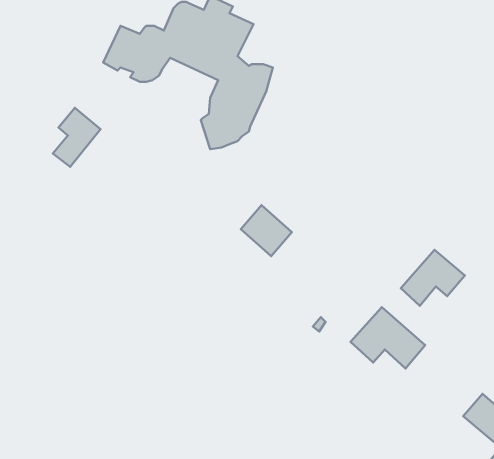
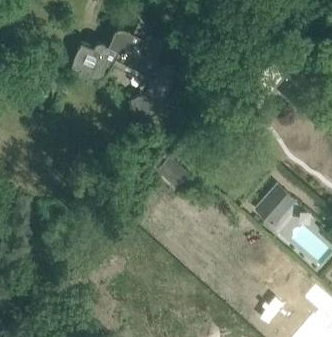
building: [53,108,100,167] -> none
building: [350,307,425,369] -> none

